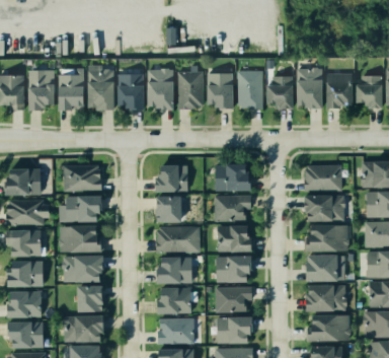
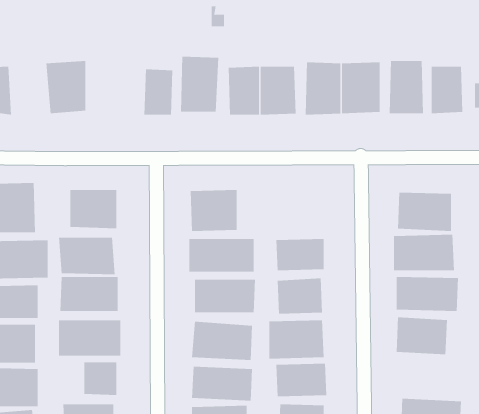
building: [88,68,113,103] -> none
building: [23,70,53,108] -> none
building: [216,162,250,193] -> none
building: [303,283,347,310] -> none

